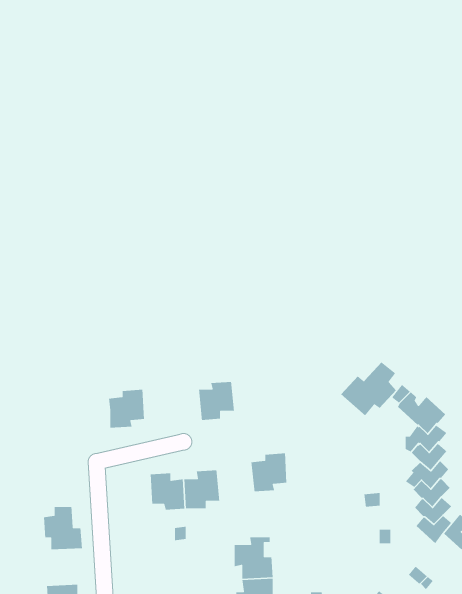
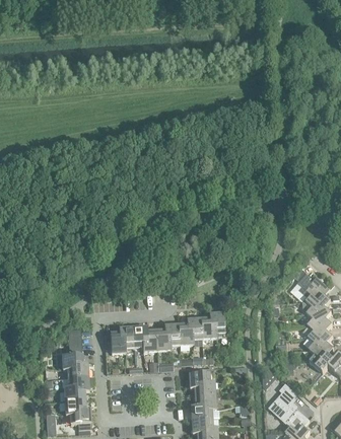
building: [340,362,397,416] -> none
building: [198,381,235,421] -> [178,318,202,345]
building: [108,389,145,429] -> [110,326,134,353]
building: none -> [64,376,88,400]

